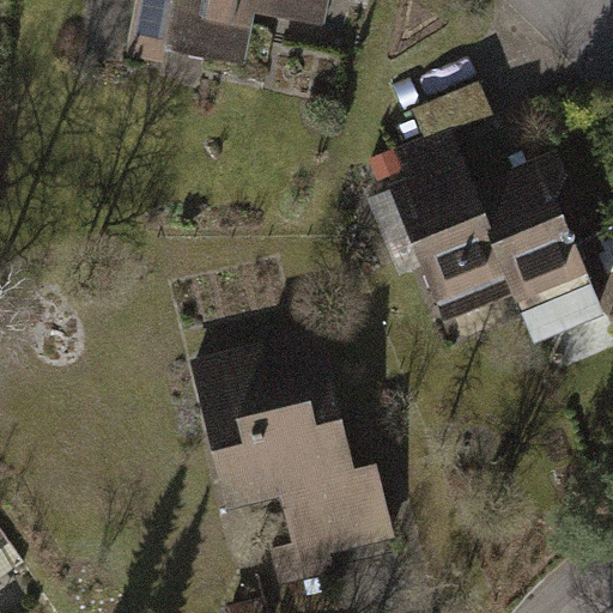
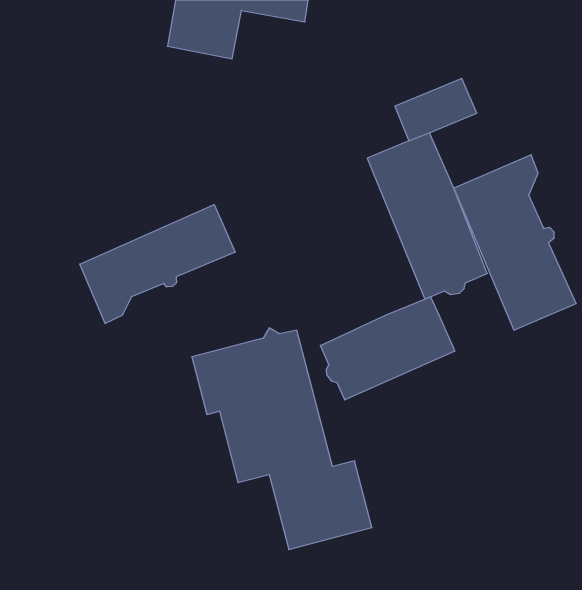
building: none -> [80,205,235,324]
building: none -> [320,297,455,400]

